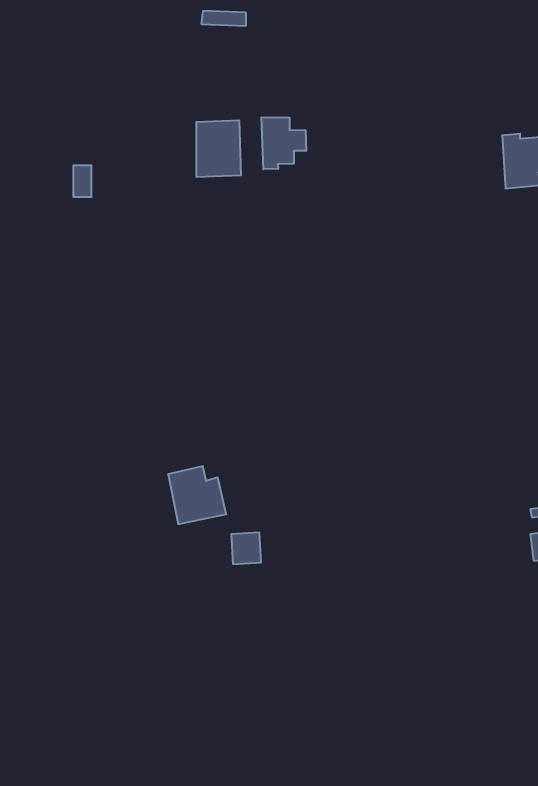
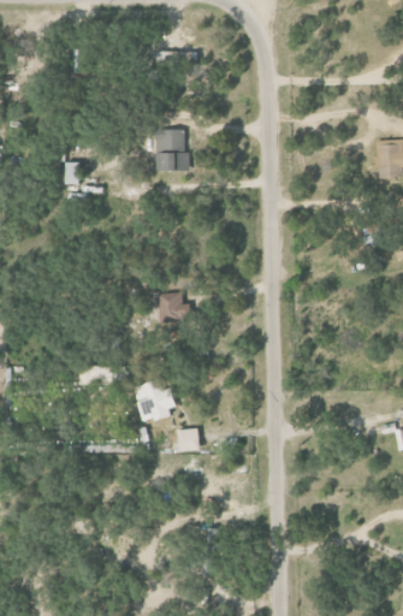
building: [261,117,306,169] -> none
building: none -> [156,292,185,322]

